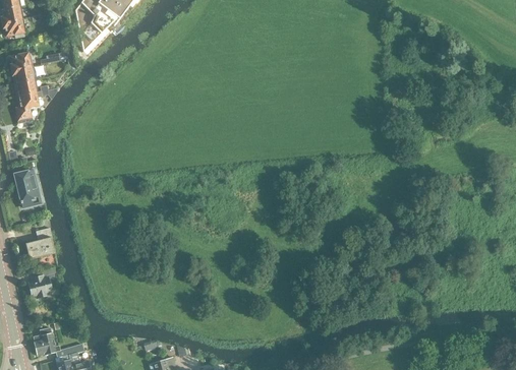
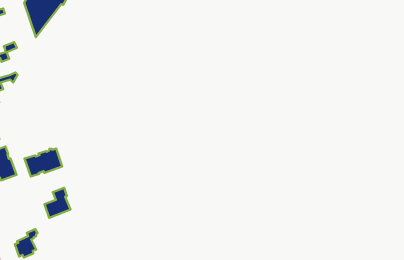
building: none -> [25,149,62,177]
building: [25,228,54,259] -> [45,188,71,218]

